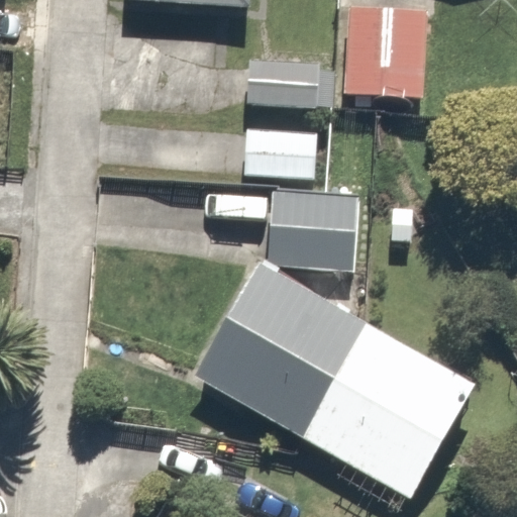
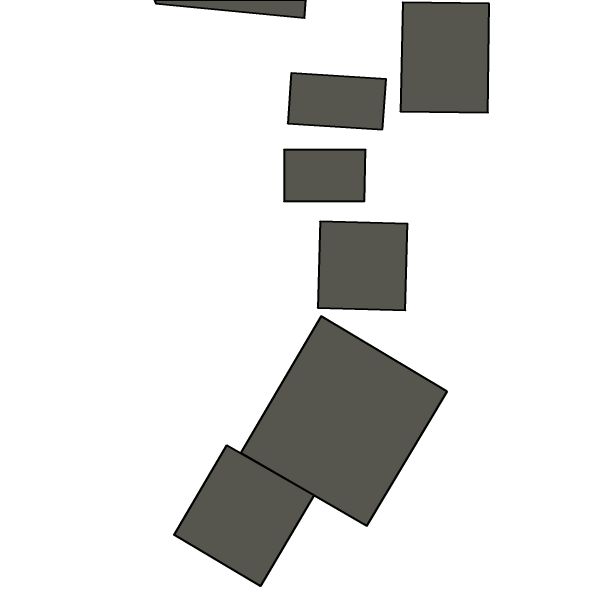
building: [312,330,491,510] -> none
building: none -> [174,445,314,586]

